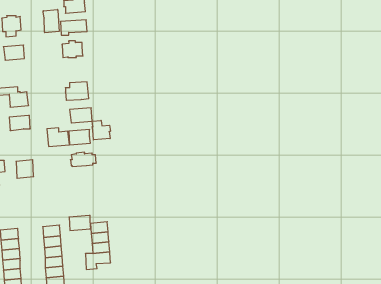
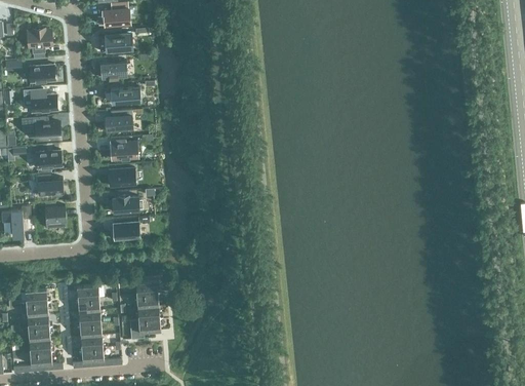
building: [43,9,59,33] -> none
building: none -> [110,86,140,103]
building: none -> [30,88,57,112]
building: [92,120,110,140] -> none
building: [47,128,70,146] -> [36,171,64,194]
building: [69,215,91,230] -> [113,222,139,240]

